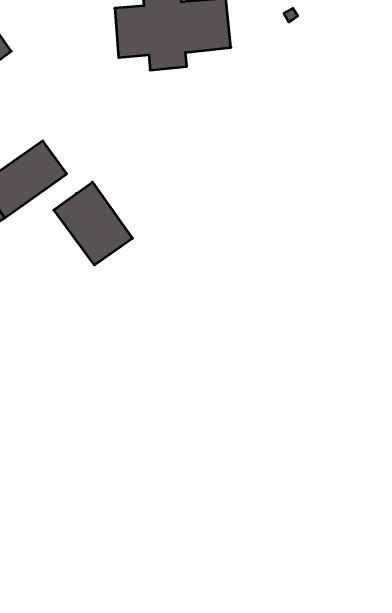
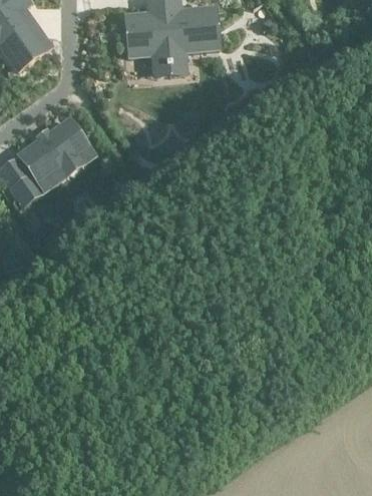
building: [54,182,133,265] -> none

